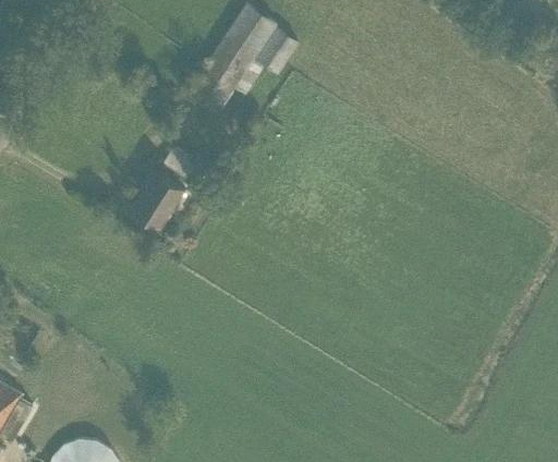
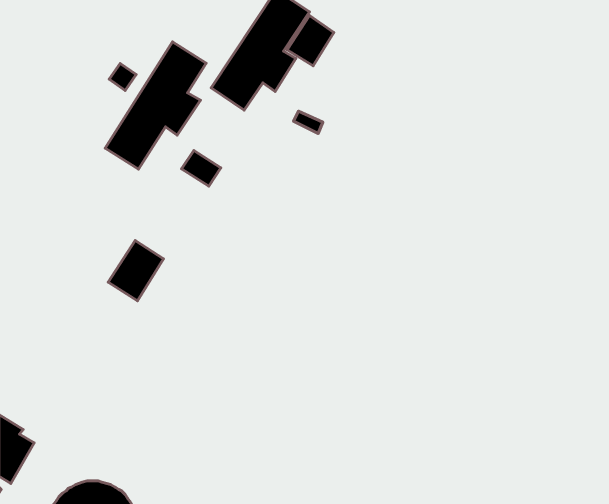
building: none -> [105,42,206,169]
building: [133,171,182,224] -> [108,240,163,301]

